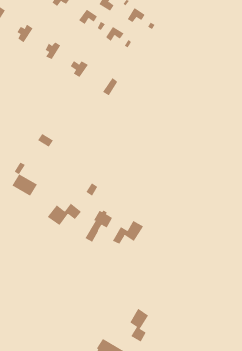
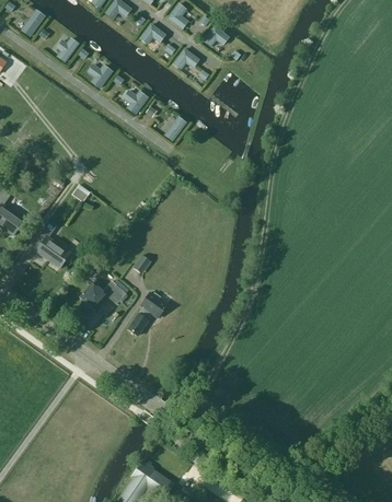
building: [112,220,144,245] -> none
building: [129,308,149,342] -> none

